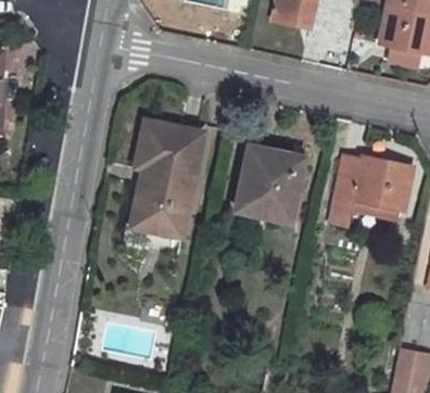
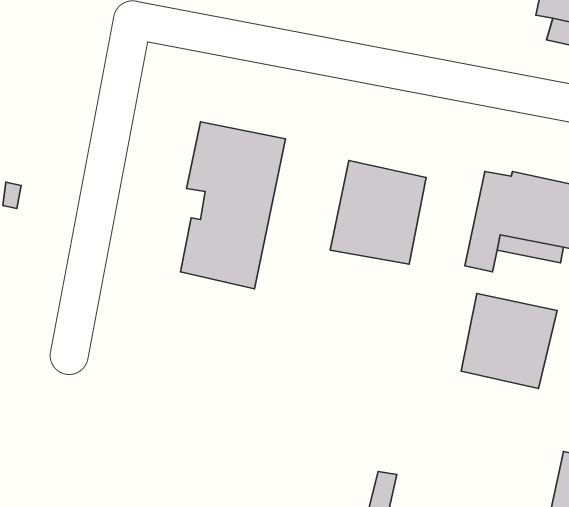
building: none -> [461,293,557,388]

